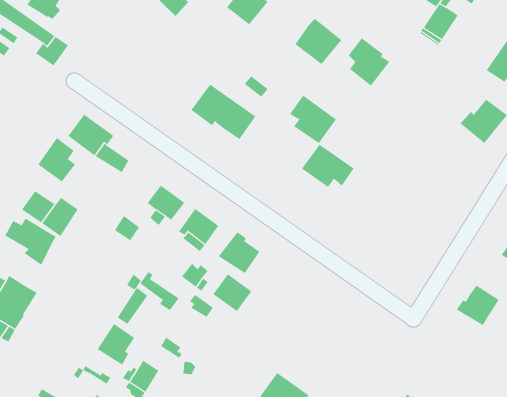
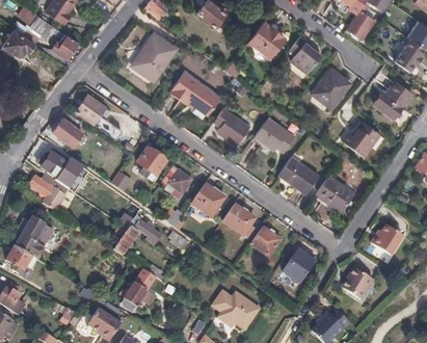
building: none -> [137,33,176,79]
building: none -> [313,69,350,106]
building: [289,95,337,144] -> [214,107,250,144]
building: none -> [343,121,380,155]
building: none -> [278,155,319,193]
building: none -> [316,175,354,211]
building: [212,274,252,312] -> [223,204,253,233]
building: none -> [250,227,281,255]
building: none -> [284,248,315,281]
building: [97,323,135,365] -> none
building: none -> [347,266,376,299]

